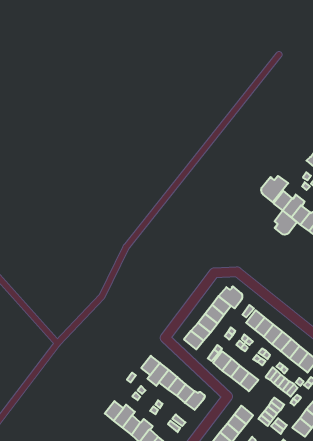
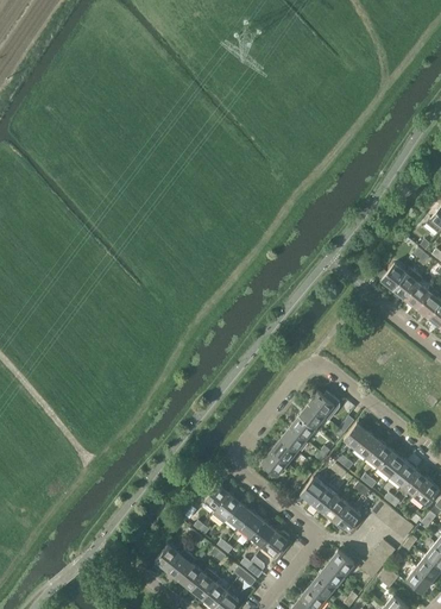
building: [261,176,288,202] -> none
building: [275,211,297,235] -> none

